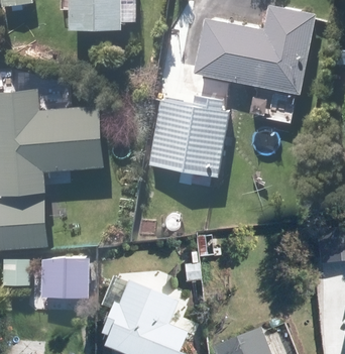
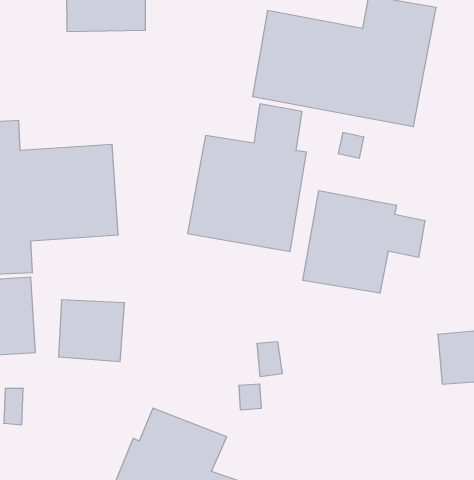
building: none -> [303,191,425,293]
building: [44,256,89,298] -> [58,300,125,362]

